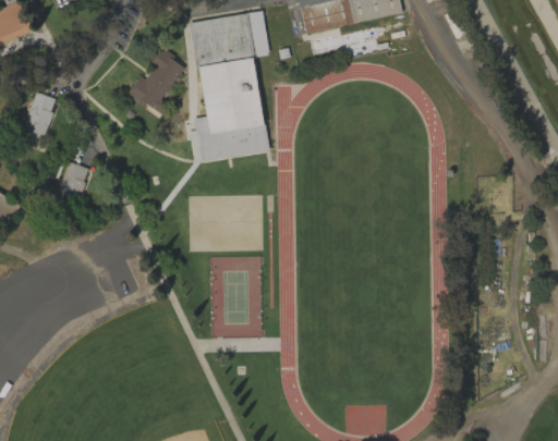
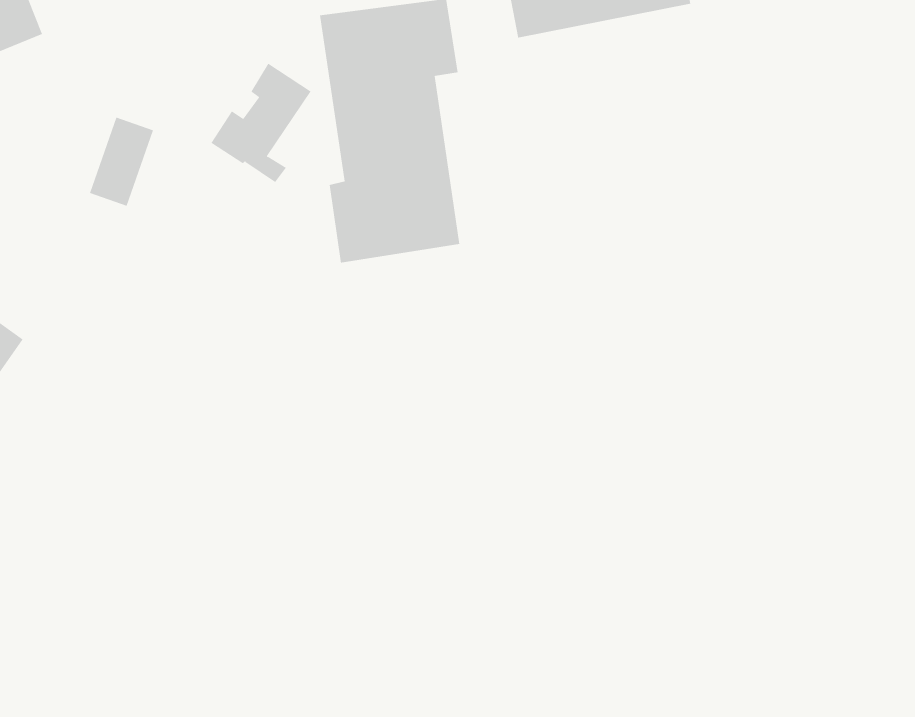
building: [20,91,57,143] -> [89,117,154,206]
building: [58,161,87,200] -> none

